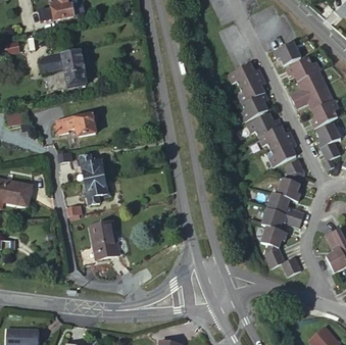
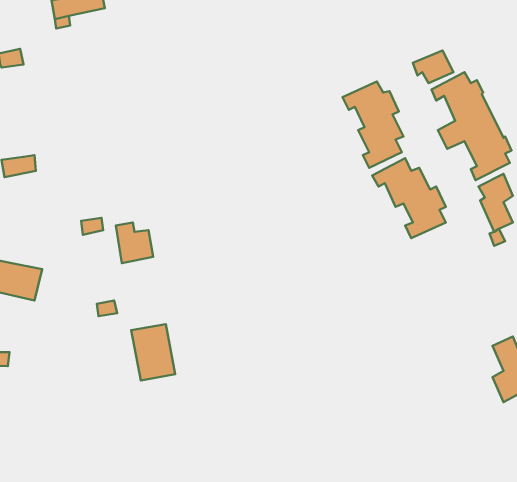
building: [43,52,87,87] -> none
building: [56,113,99,136] -> none
building: [261,159,304,276] -> none
building: [85,178,107,204] -> none

